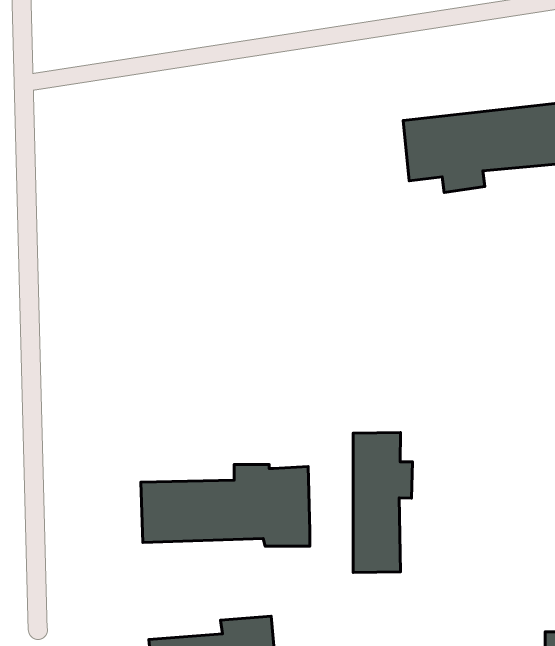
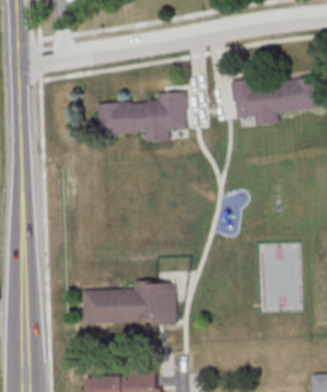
building: none -> [94,93,183,140]
building: [353,433,413,572] -> none

